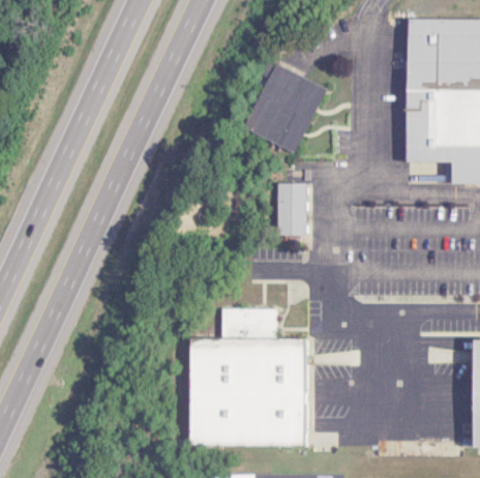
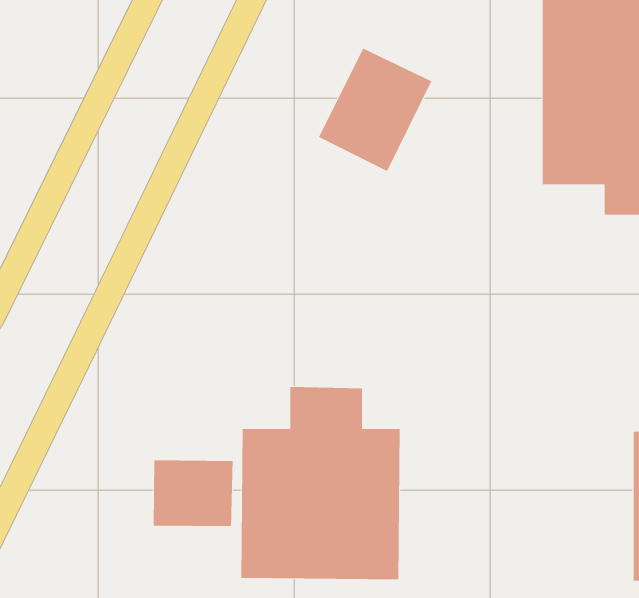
building: [279,183,307,236] -> none
building: none -> [153,459,233,527]

